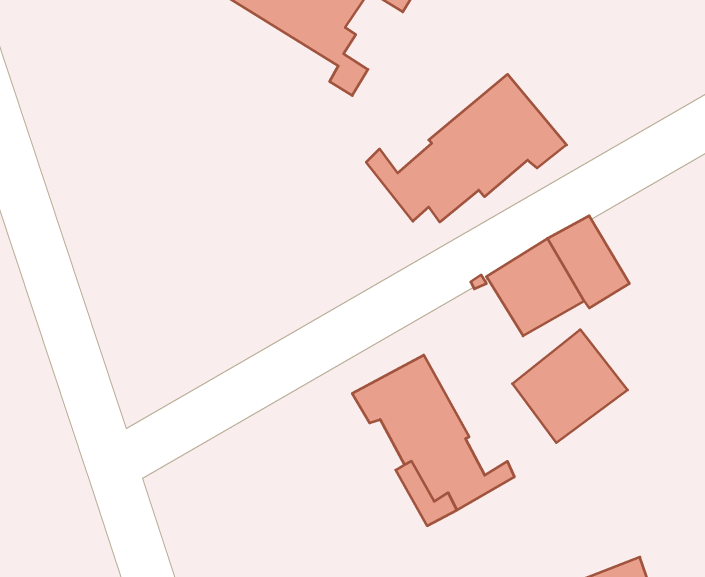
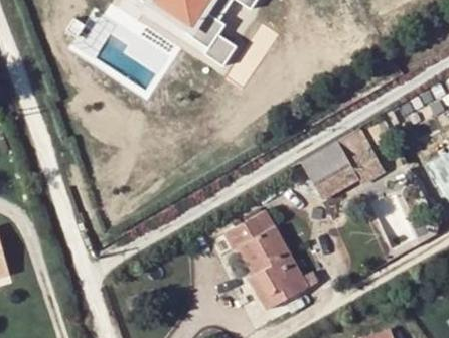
building: [366,74,567,222] -> none
building: [512,330,628,443] -> none

